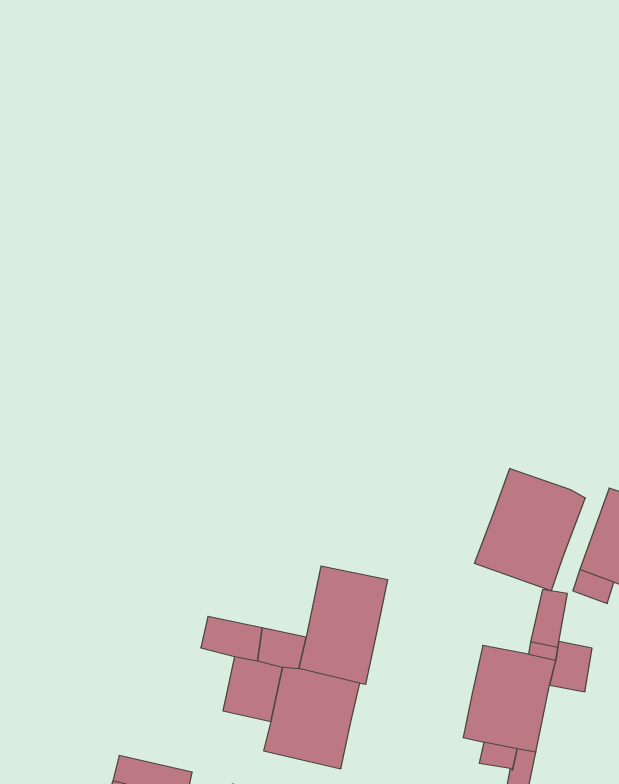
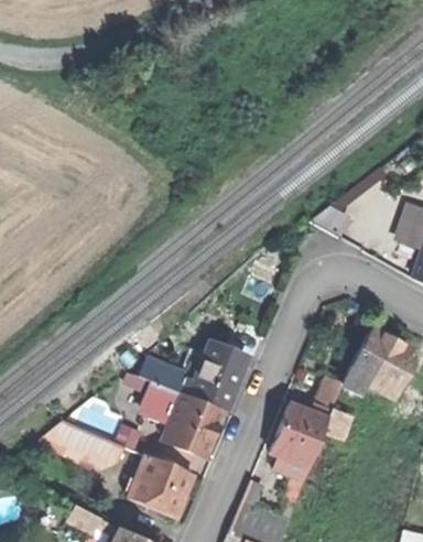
building: [475,468,585,591] -> none

